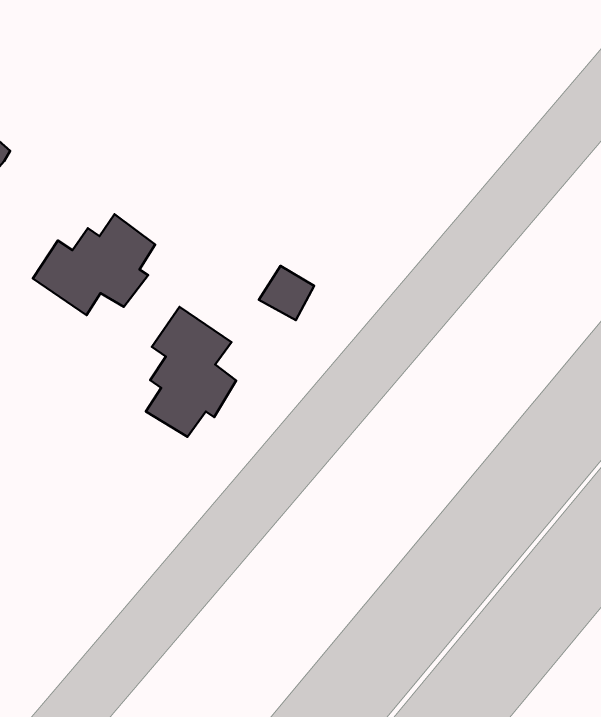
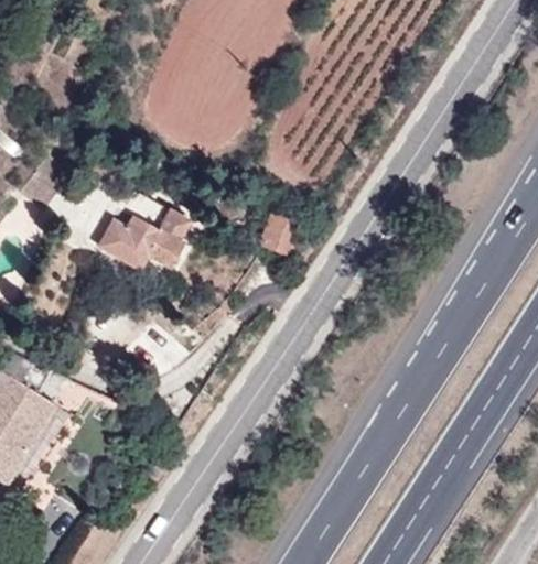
building: [146,307,236,437] -> none

